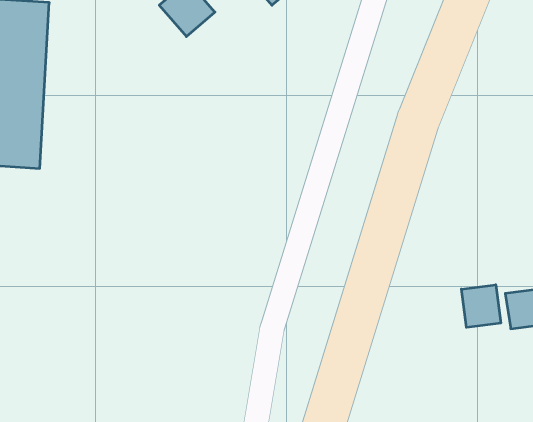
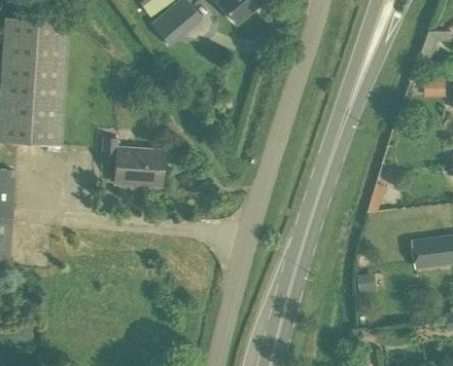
building: none -> [101,138,162,186]
building: [461,285,501,327] -> none

